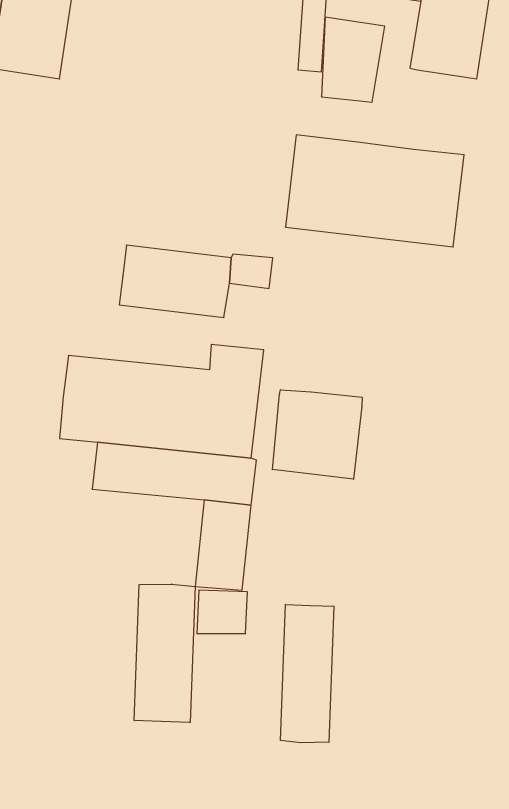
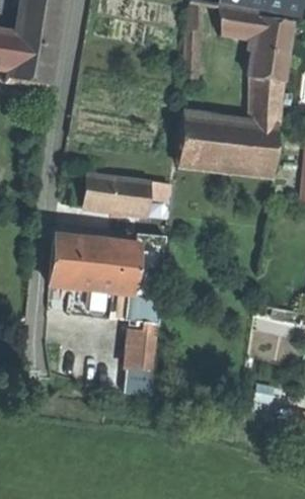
building: [321,17,385,102] -> [248,76,284,123]
building: [272,390,362,479] -> none
building: [134,584,195,723] -> none
building: [280,604,334,743] -> none

